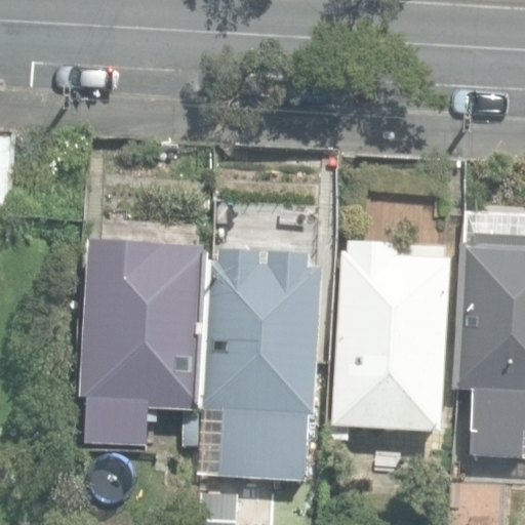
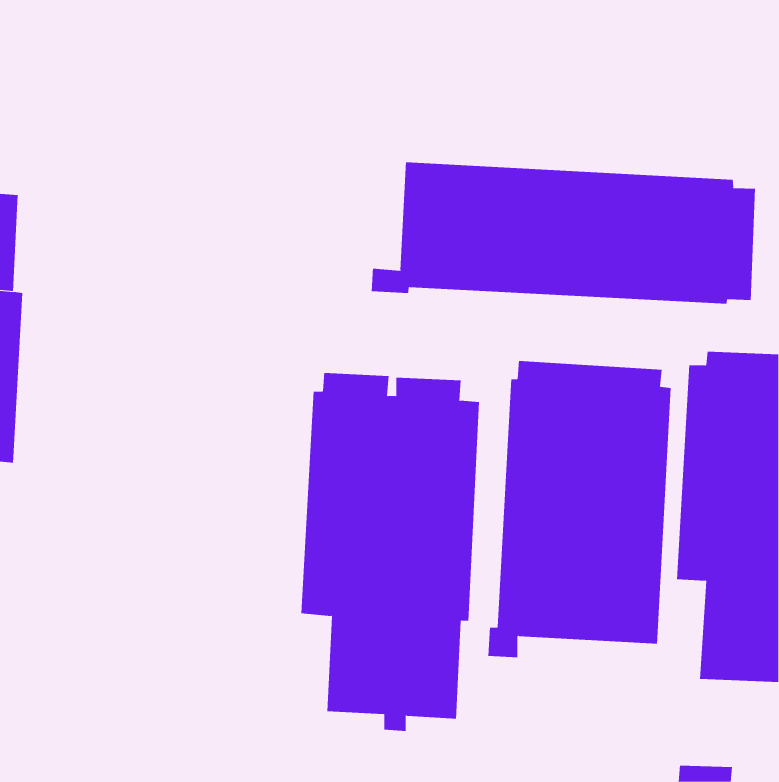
building: none -> [371,161,755,305]
building: [78,239,203,444] -> none

